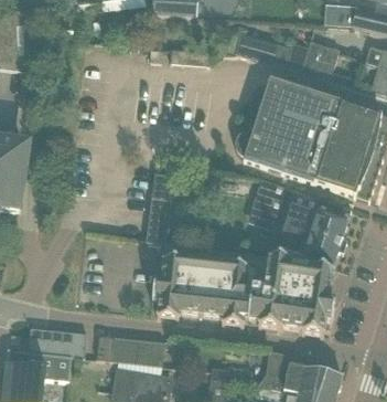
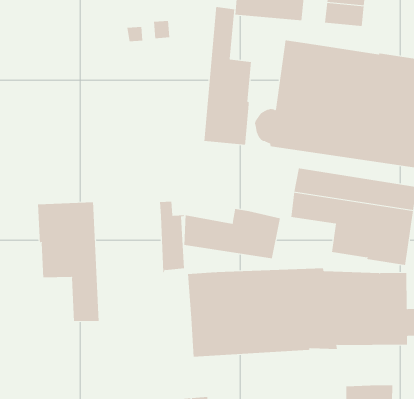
building: none -> [204,6,252,146]
building: none -> [38,202,99,322]
building: none -> [184,208,280,259]

